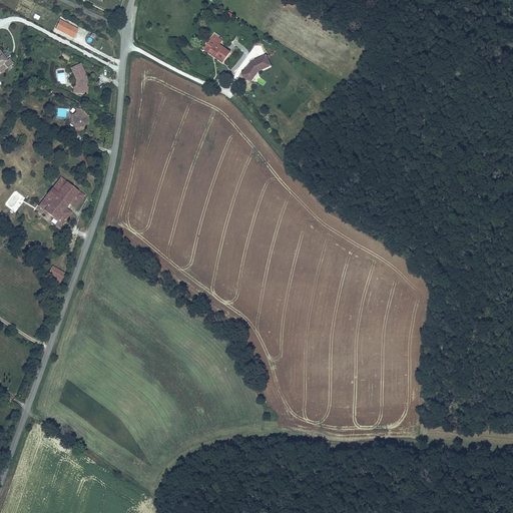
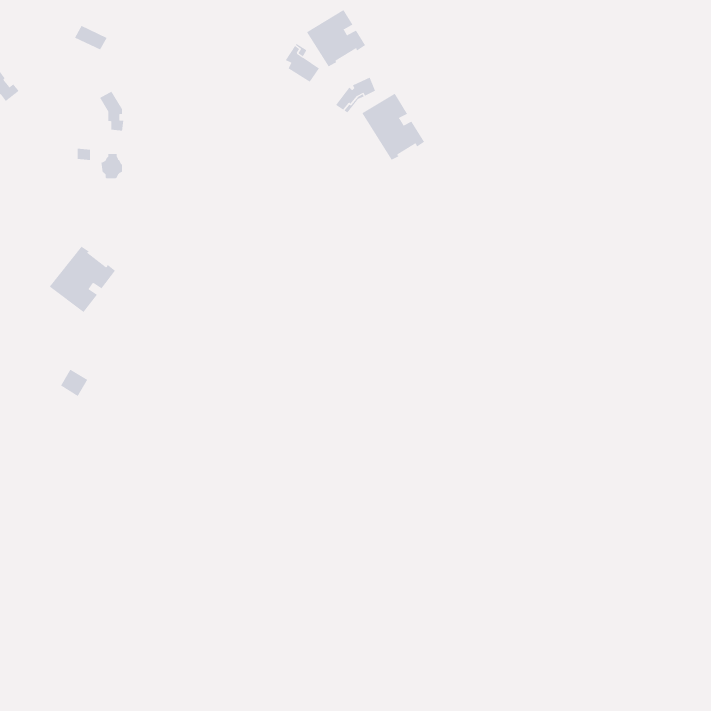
building: none -> [306,9,366,67]
building: none -> [362,93,425,161]

